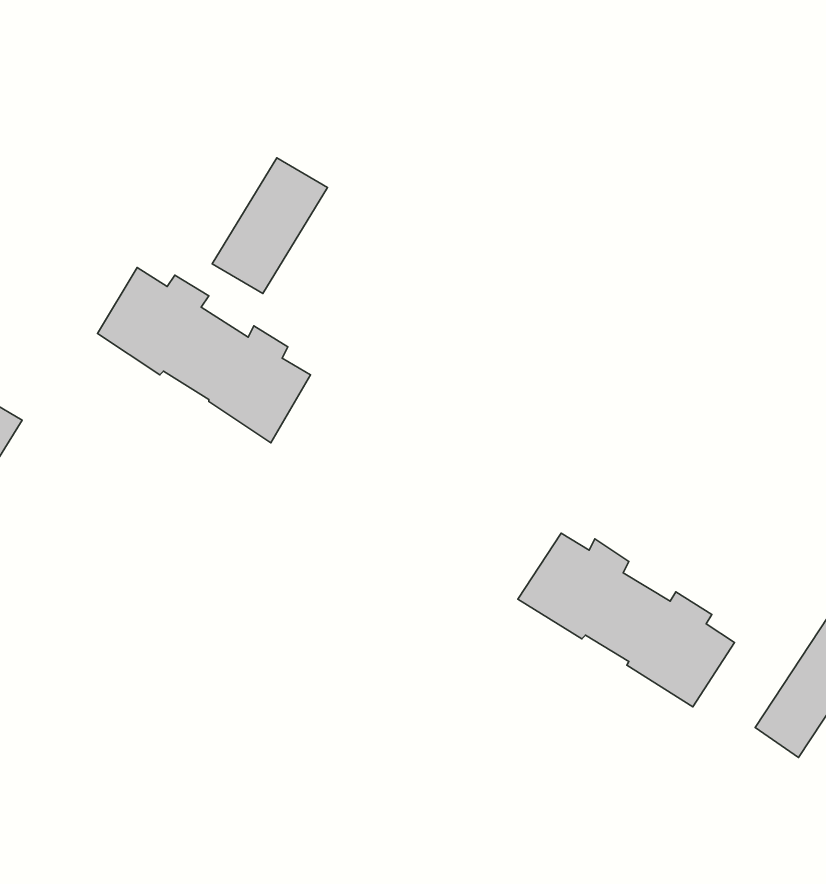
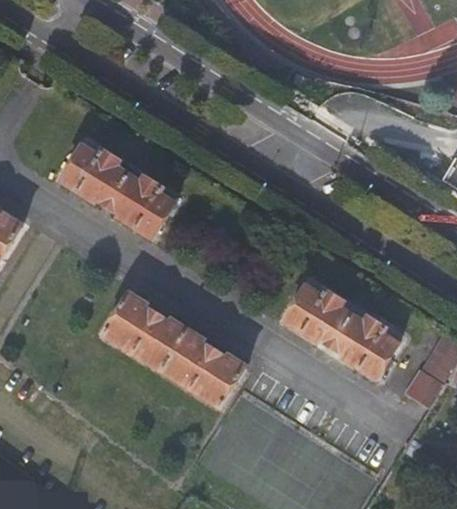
building: [212,158,327,293] -> none
building: none -> [103,293,245,405]

